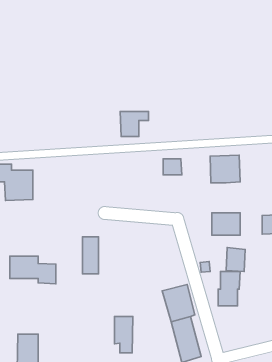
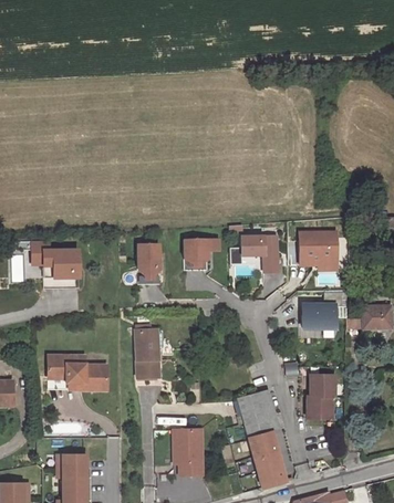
building: [120,112,149,136] -> [185,238,220,269]
building: none -> [262,234,278,272]
building: none -> [138,242,160,283]
building: [226,248,245,272] -> none

